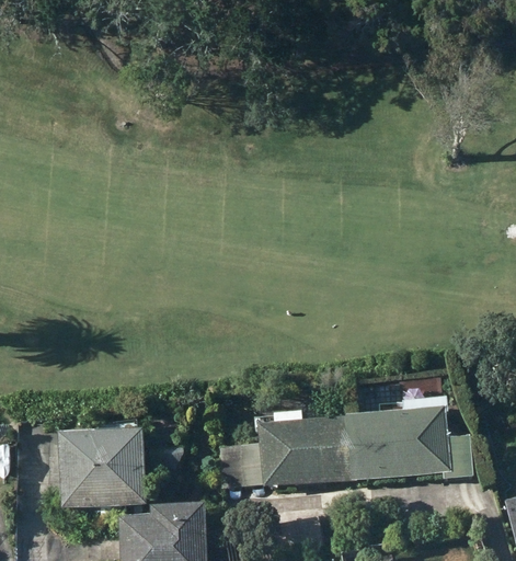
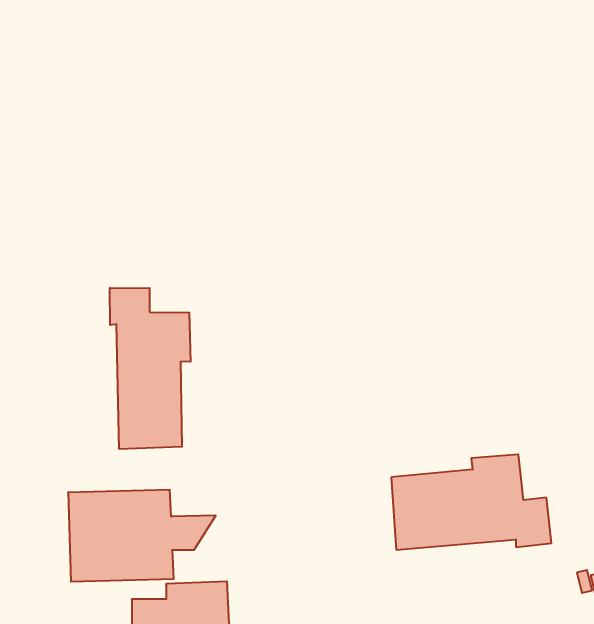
building: none -> [110,288,191,449]
building: [222,417,342,488] -> none

